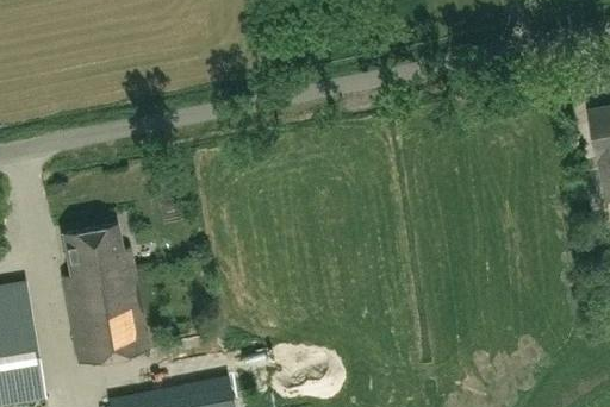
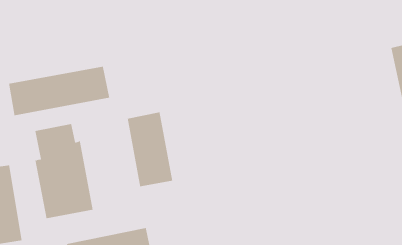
building: none -> [8,66,110,116]
building: none -> [127,111,173,187]

